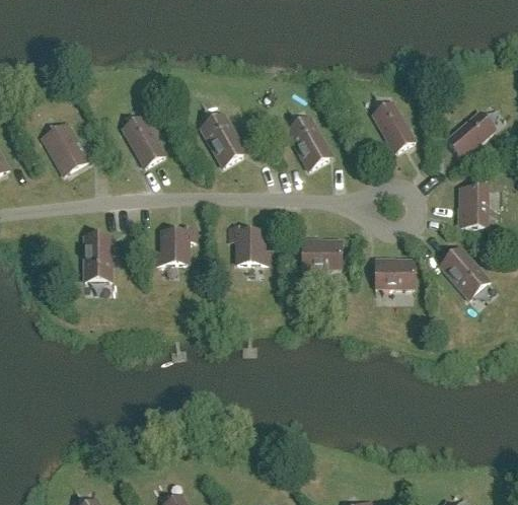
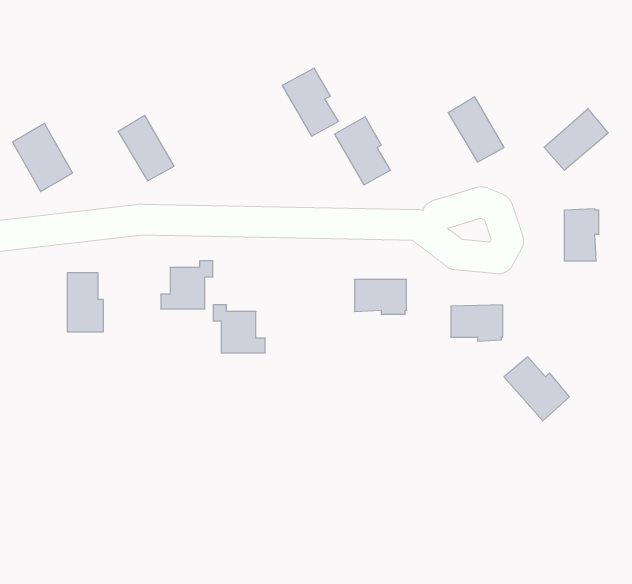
building: [200,113,242,164] -> [282,68,338,136]
building: [230,225,270,262] -> [213,305,265,353]
building: [439,248,489,297] -> [504,357,569,421]

